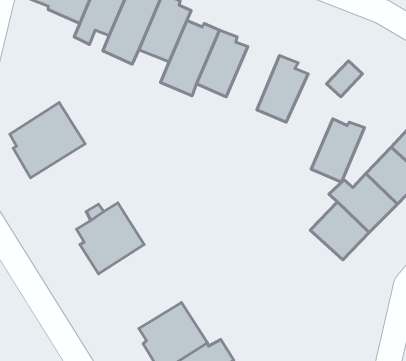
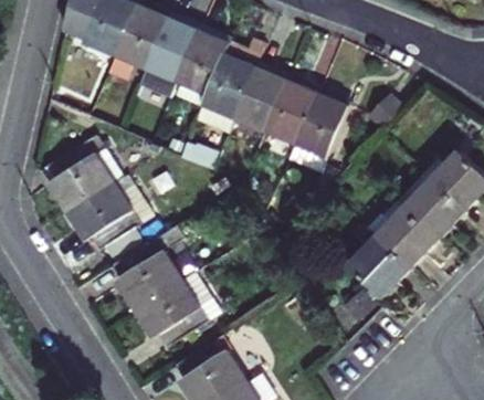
building: [311,119,365,182] -> [263,80,317,144]
building: none -> [65,176,149,250]
building: none -> [134,280,207,347]

